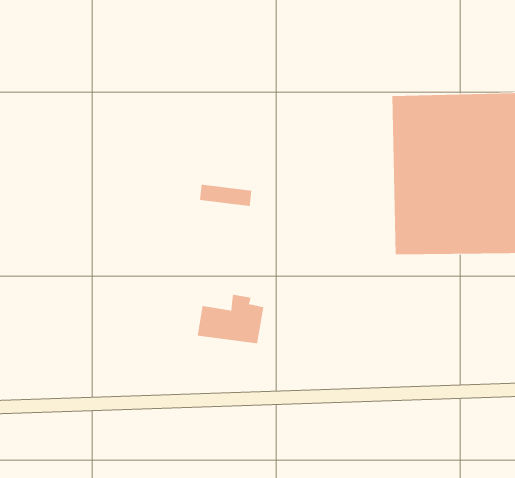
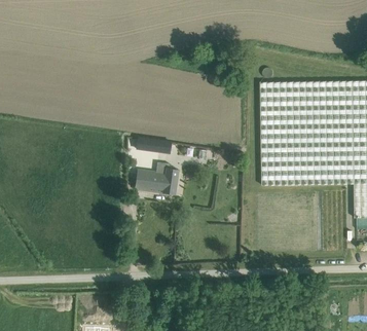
building: [197,294,264,344] -> [135,162,178,194]

